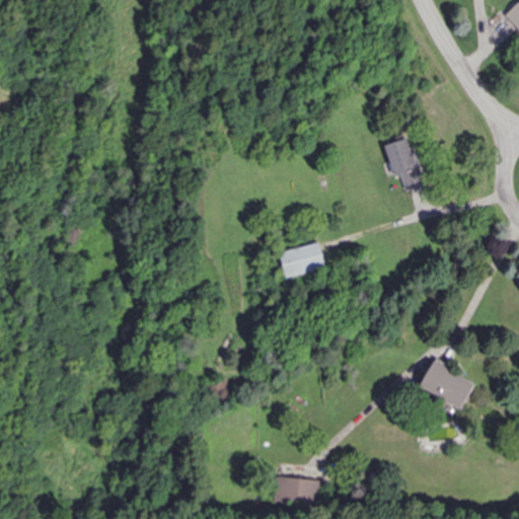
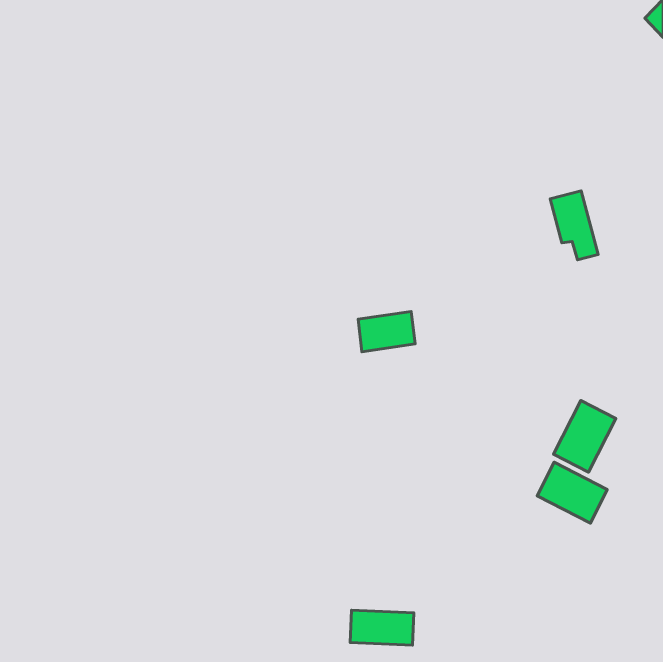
building: [384,135,422,189] -> [550,191,598,260]
building: none -> [554,401,616,472]

